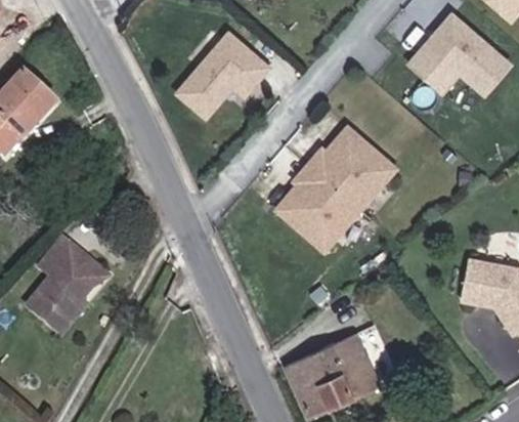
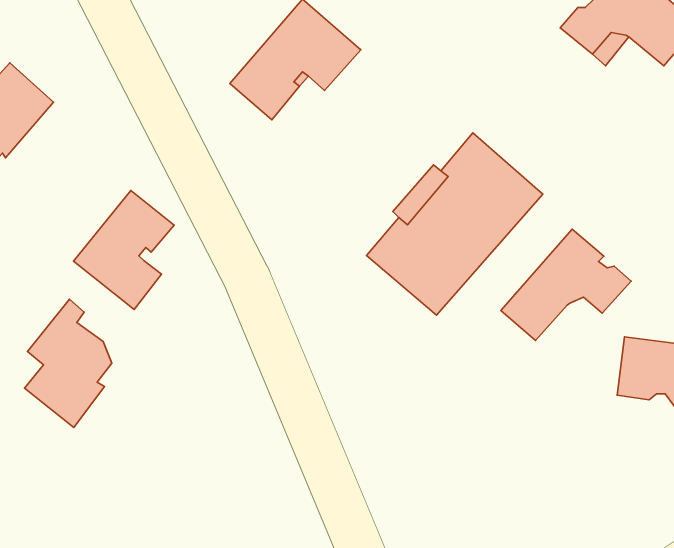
building: none -> [74,190,174,309]
building: none -> [501,229,631,341]
building: [287,325,381,412] -> none

